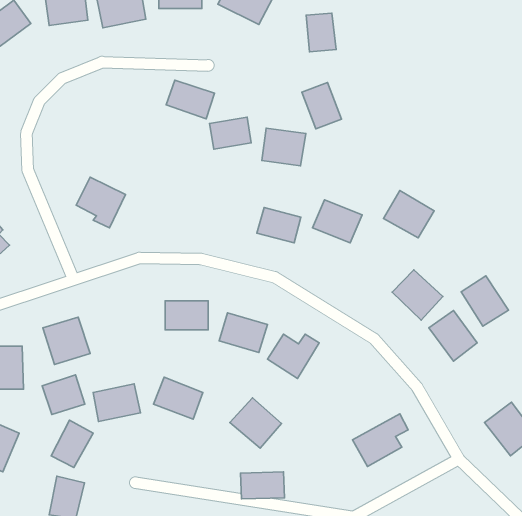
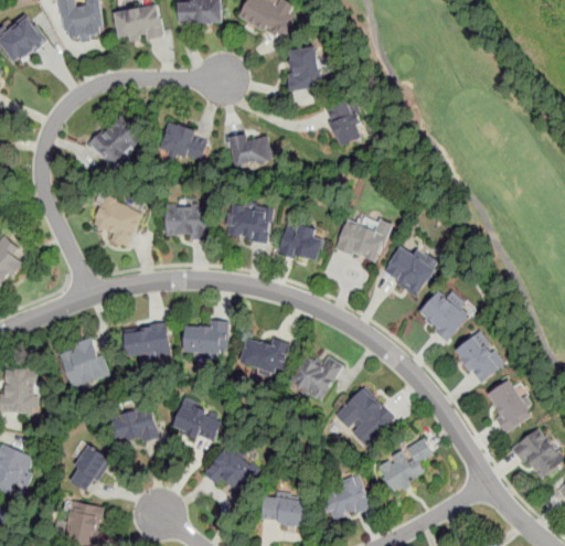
building: [306,13,336,52] -> [287,50,318,89]
building: [166,80,215,119] -> [159,124,209,163]
building: none -> [88,113,143,168]
building: [262,128,306,166] -> [227,203,273,242]
building: none -> [164,202,207,237]
building: [384,190,434,238] -> [382,245,434,293]
building: [461,276,508,326] -> [484,379,533,431]
building: none -> [122,321,170,358]
building: none -> [333,387,393,447]
building: [42,375,85,415] -> none
building: [230,398,282,448] -> [205,445,258,496]
building: none -> [319,475,370,521]

